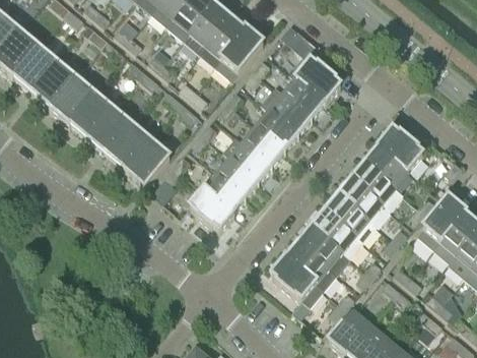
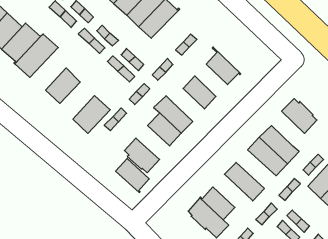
building: [213,28,262,80] -> none
building: [289,36,339,103] -> none
building: [68,84,119,137] -> none
building: [261,86,310,132] -> none
building: [107,118,154,171] -> none
building: [243,125,283,165] -> none
building: [366,145,407,187] -> none
building: [202,173,244,214] -> [116,158,149,192]
building: [326,195,376,241] -> none
building: [299,227,341,266] -> none

